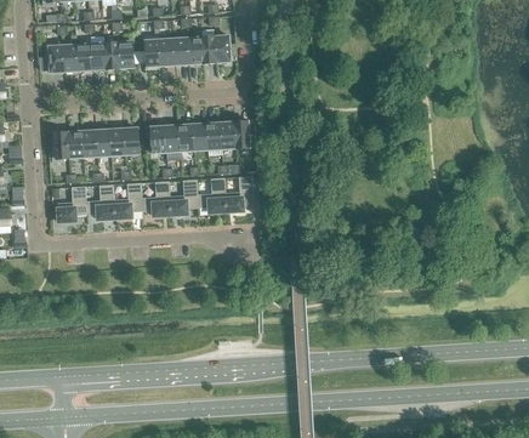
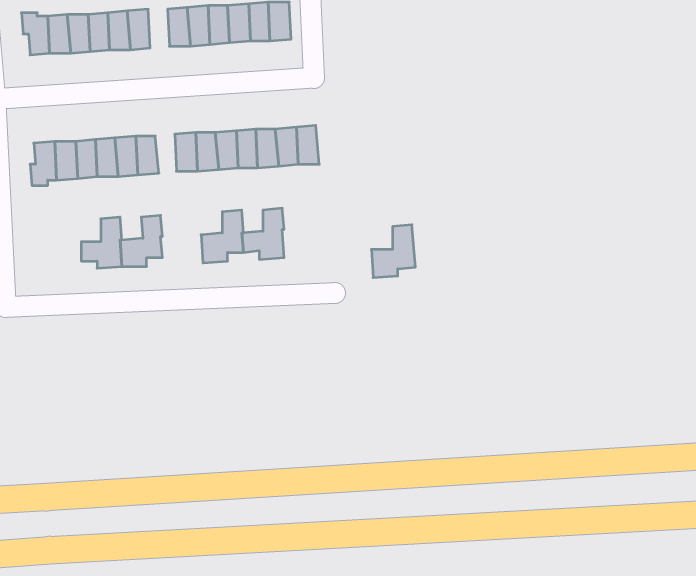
building: [223,175,254,211] -> [371,225,415,278]
building: [140,181,169,215] -> none
building: [56,186,85,221] -> none

